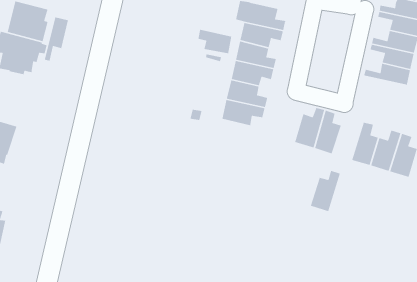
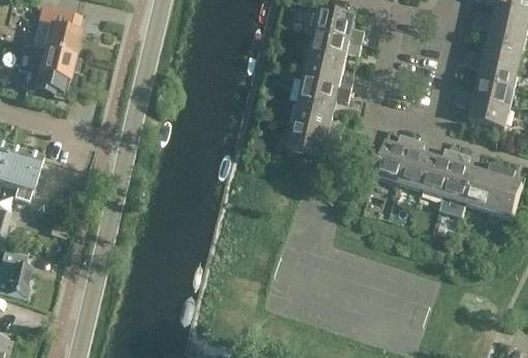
building: [44,16,69,61] -> none
building: [198,29,232,54] -> none
building: none -> [455,96,508,128]
building: [310,170,341,212] -> [419,147,456,197]

